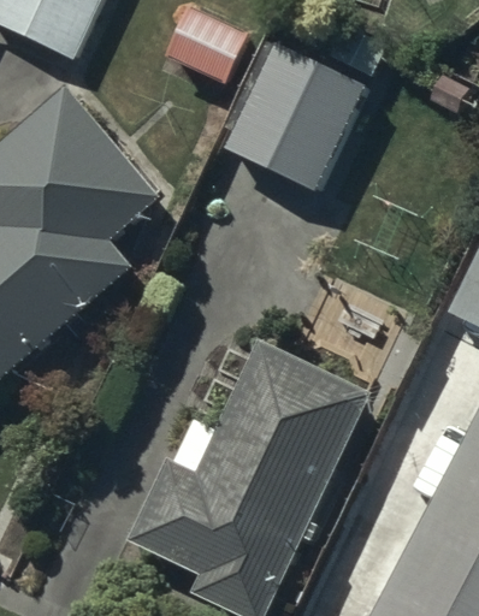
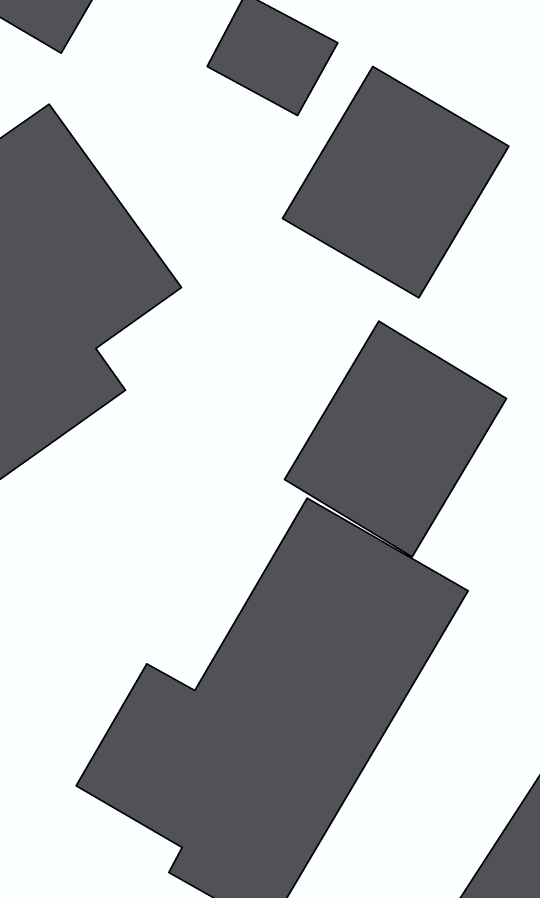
building: none -> [285,321,506,557]

